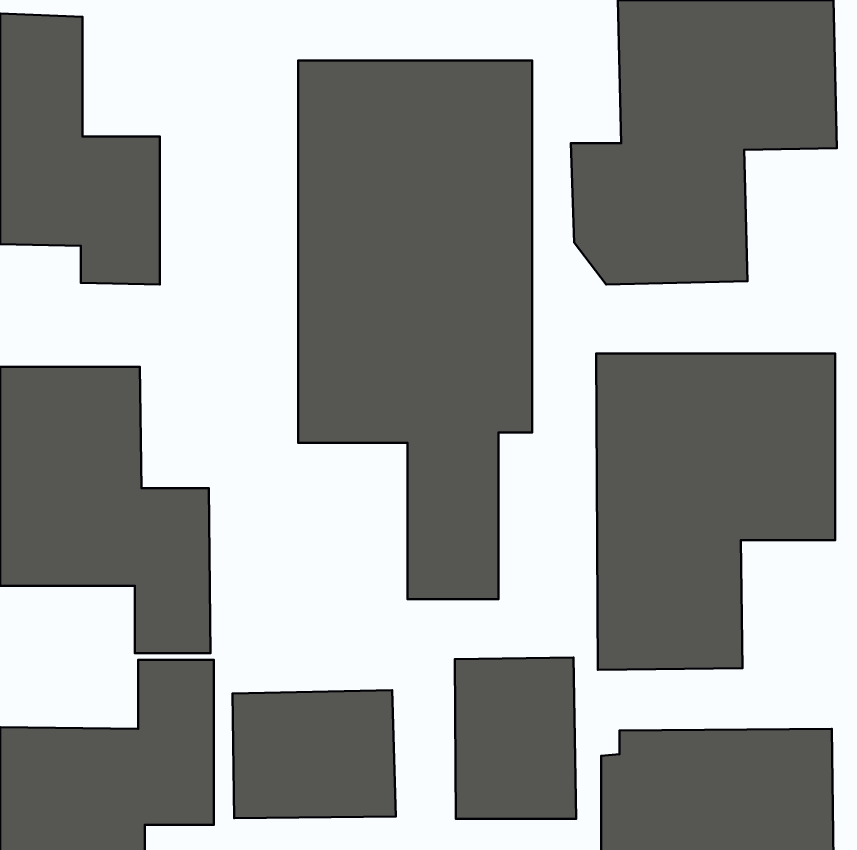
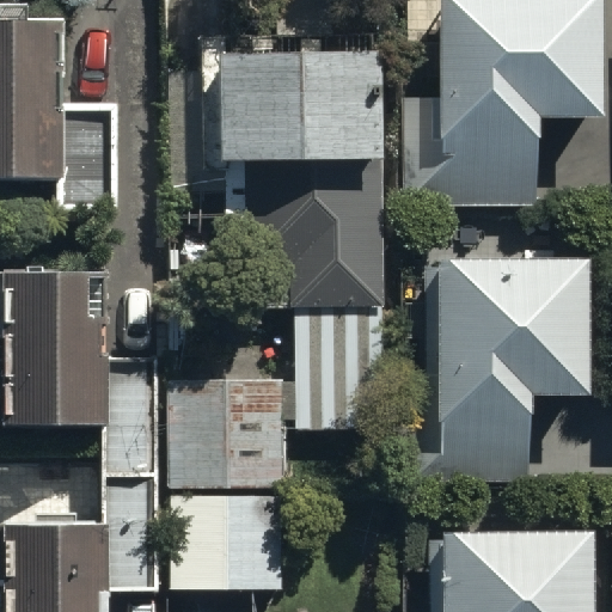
building: none -> [169,380,283,489]
building: [455,658,576,819] -> none

